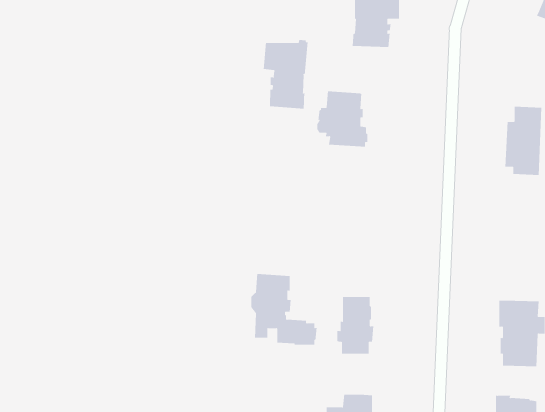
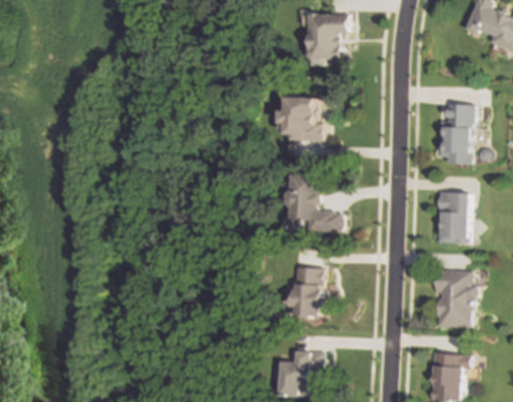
building: [263,39,308,110] -> none
building: none -> [434,192,466,244]
building: [251,273,317,345] -> [285,169,343,231]

